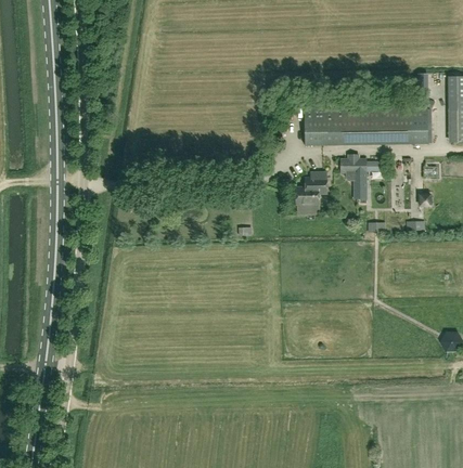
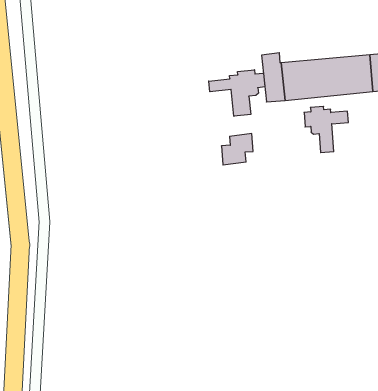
building: none -> [209,70,265,116]
building: [296,177,326,205] -> [221,134,253,165]

